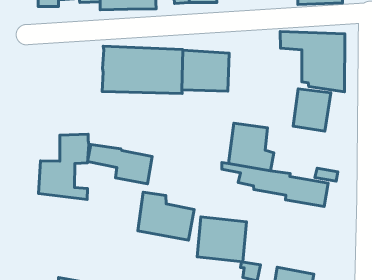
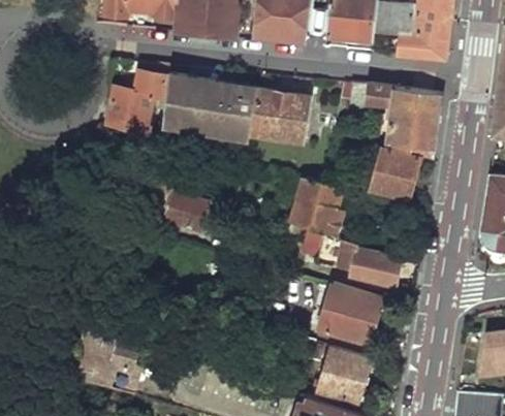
building: [38,134,89,200] -> [106,62,171,138]
building: [138,192,194,240] -> none
building: [197,217,247,262] -> [320,288,381,345]

